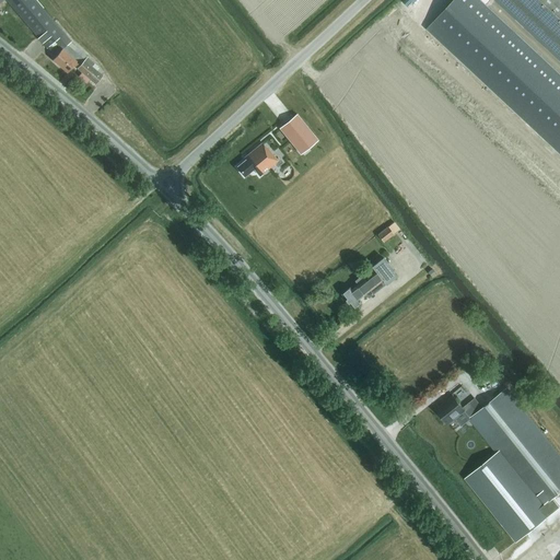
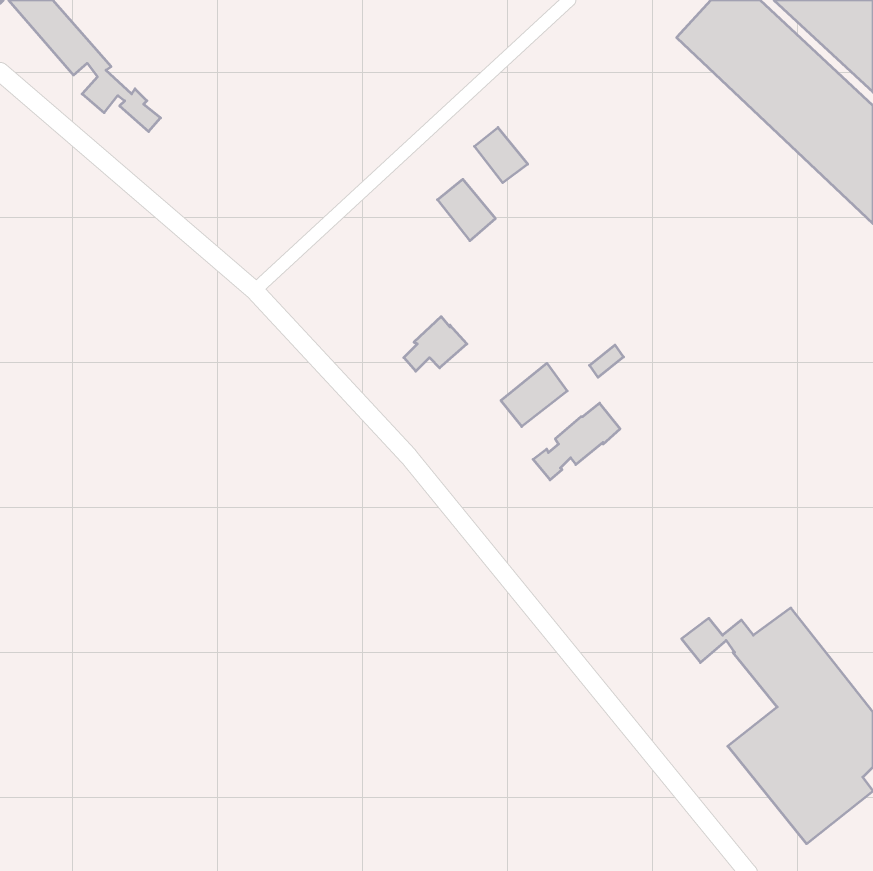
building: none -> [474,127,528,183]
building: [234,143,275,178] -> [404,317,467,371]
building: none -> [501,363,567,427]

